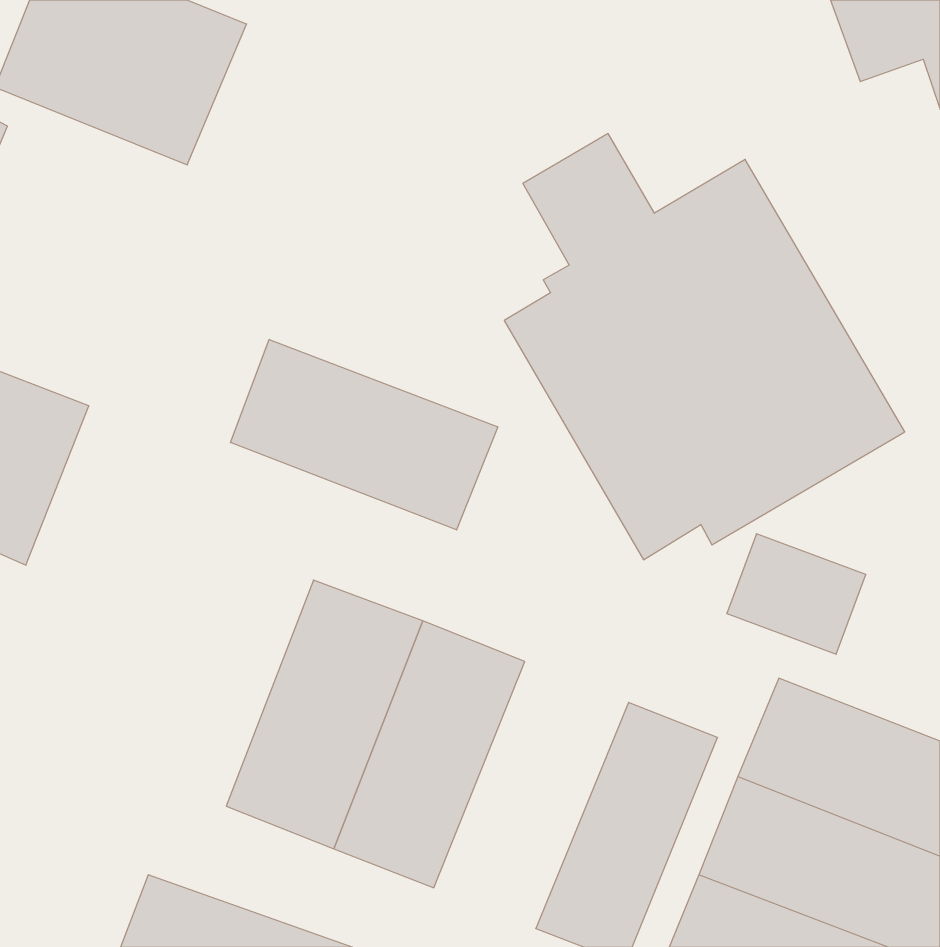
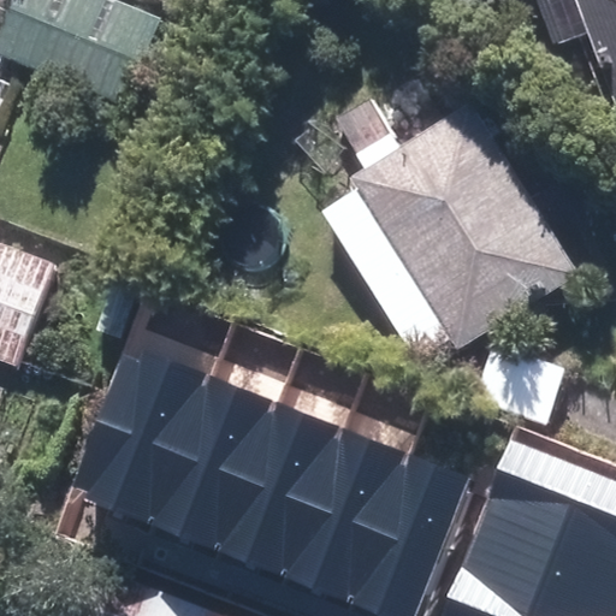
building: [231,339,498,530] -> none
building: none -> [71,353,203,523]
building: none -> [282,430,408,603]

